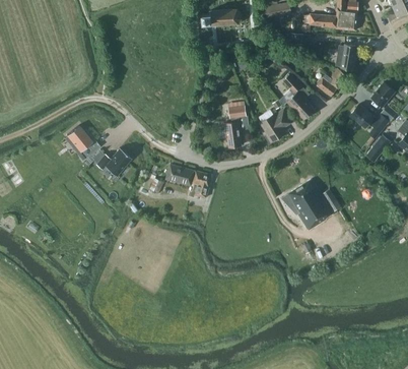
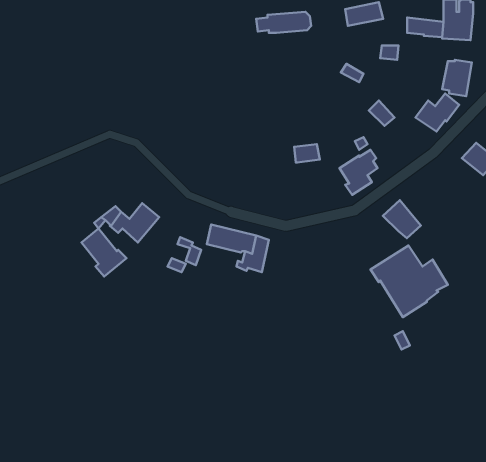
building: [286,90,314,118] -> [383,200,421,238]
building: [223,117,241,146] -> none
building: [66,125,98,160] -> [82,229,127,276]

